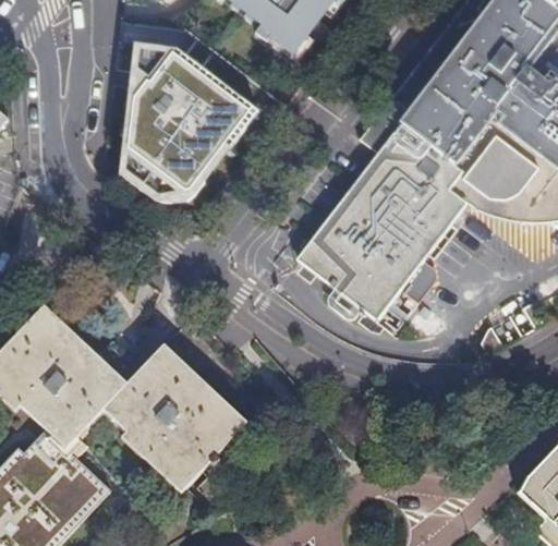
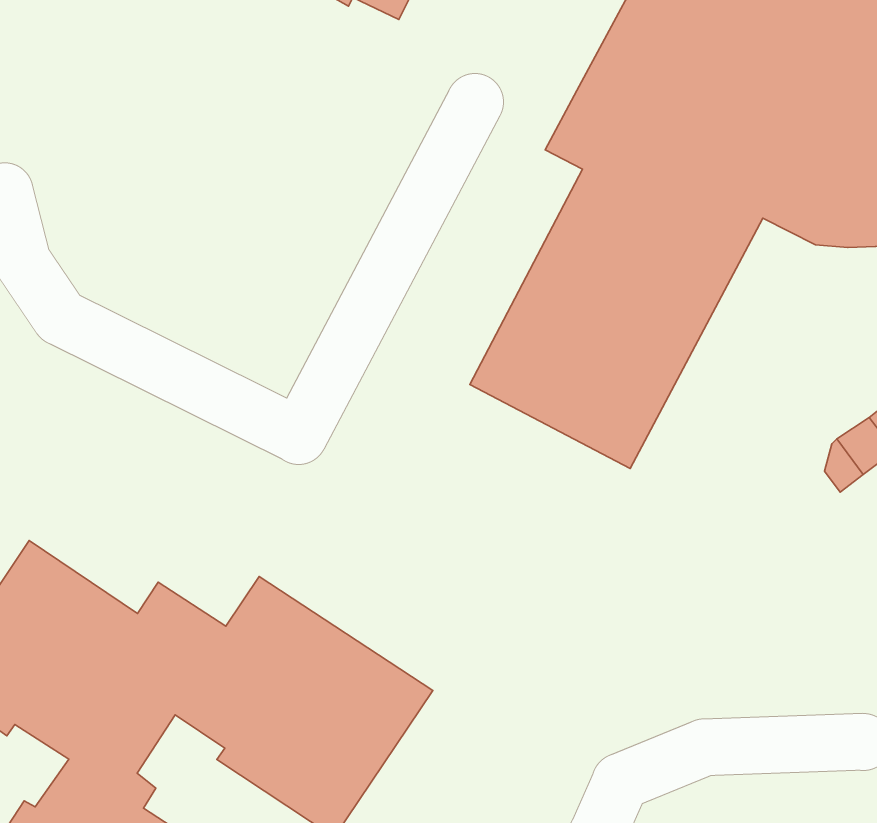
building: [111,33,274,202] -> none

